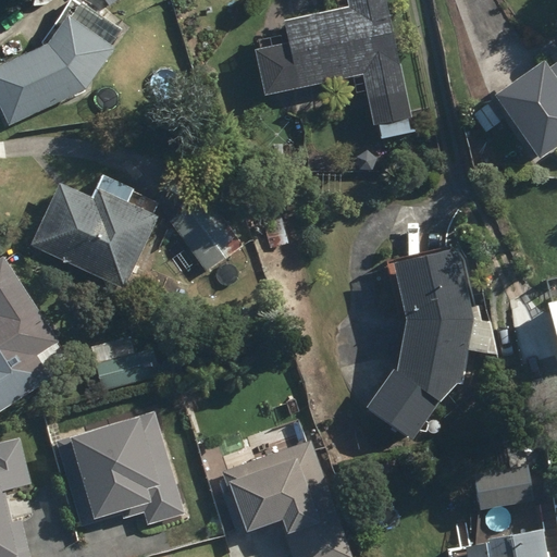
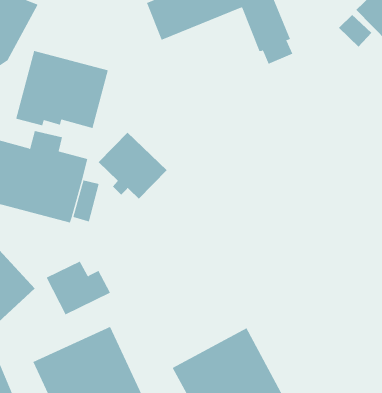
building: none -> [15,50,108,129]
building: [363,248,468,443] -> none

